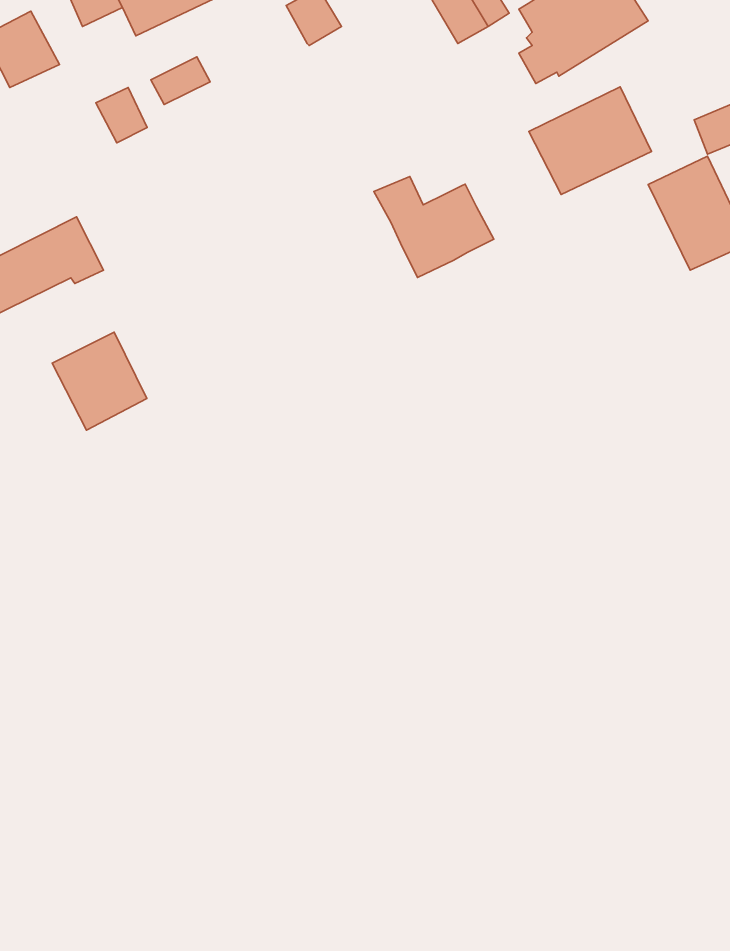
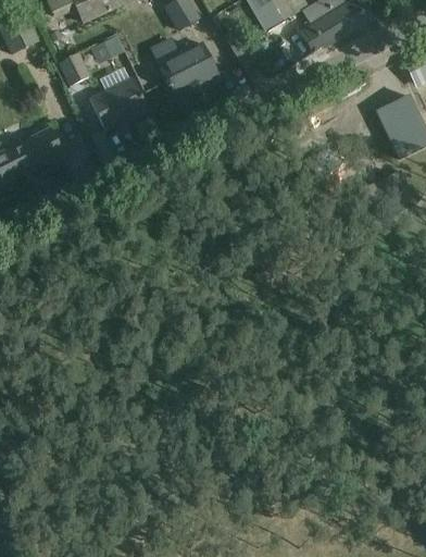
building: [529,87,651,195] -> none
building: none -> [89,76,148,129]
building: [374,176,494,277] -> [150,37,218,95]
building: [52,332,147,430] -> none

